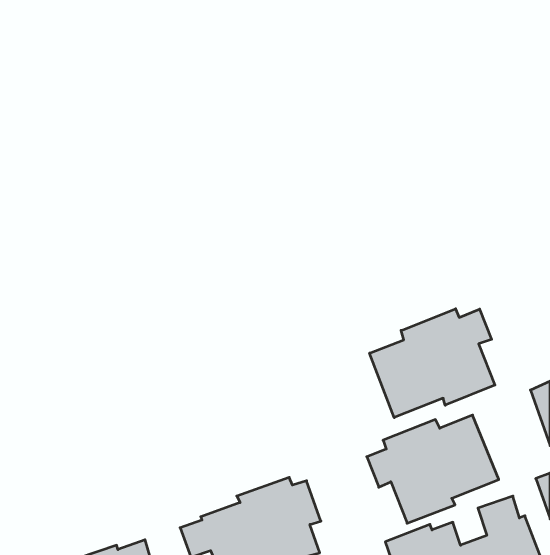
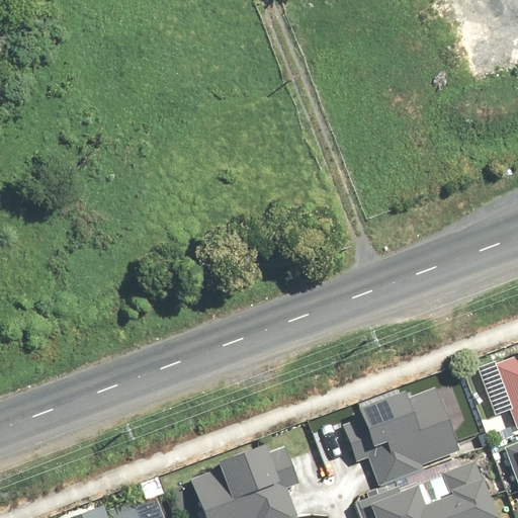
building: [370,309,495,418] -> none

